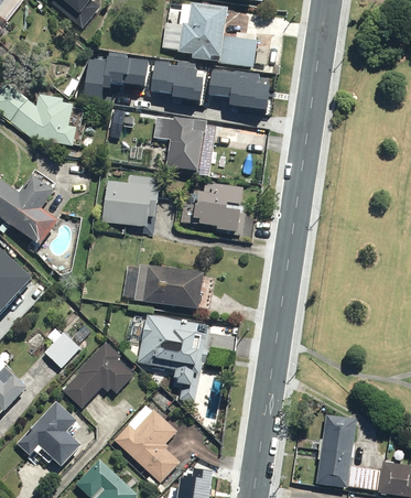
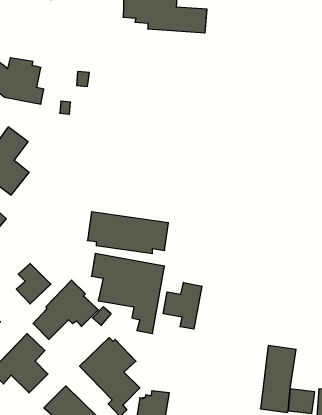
building: [85,52,149,97] -> none
building: [154,61,204,100] -> none
building: [210,68,272,110] -> none
building: [158,116,215,172] -> none
building: [101,175,162,234] -> none
building: [191,181,246,236] -> none
building: none -> [163,282,202,329]

